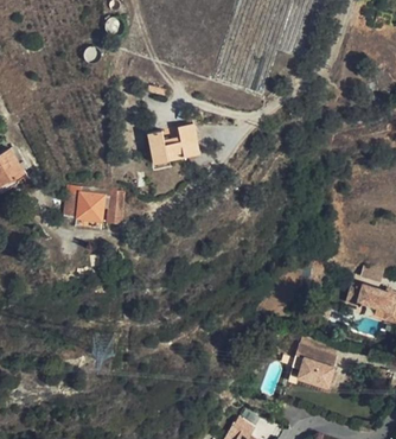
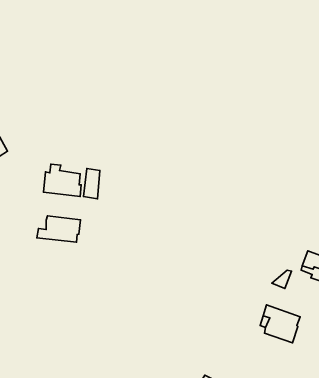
building: [142,127,194,165] -> none
building: none -> [37,216,81,242]

